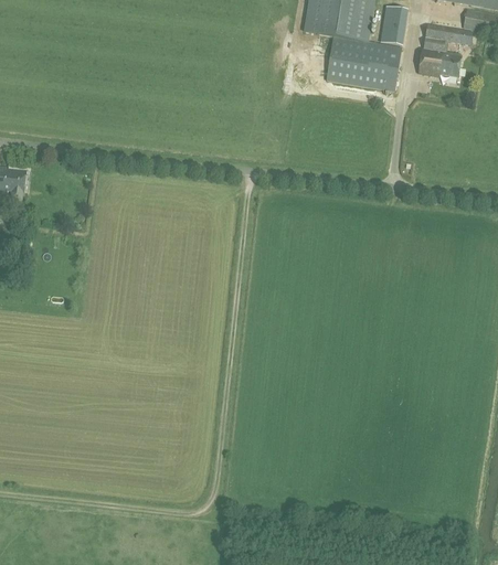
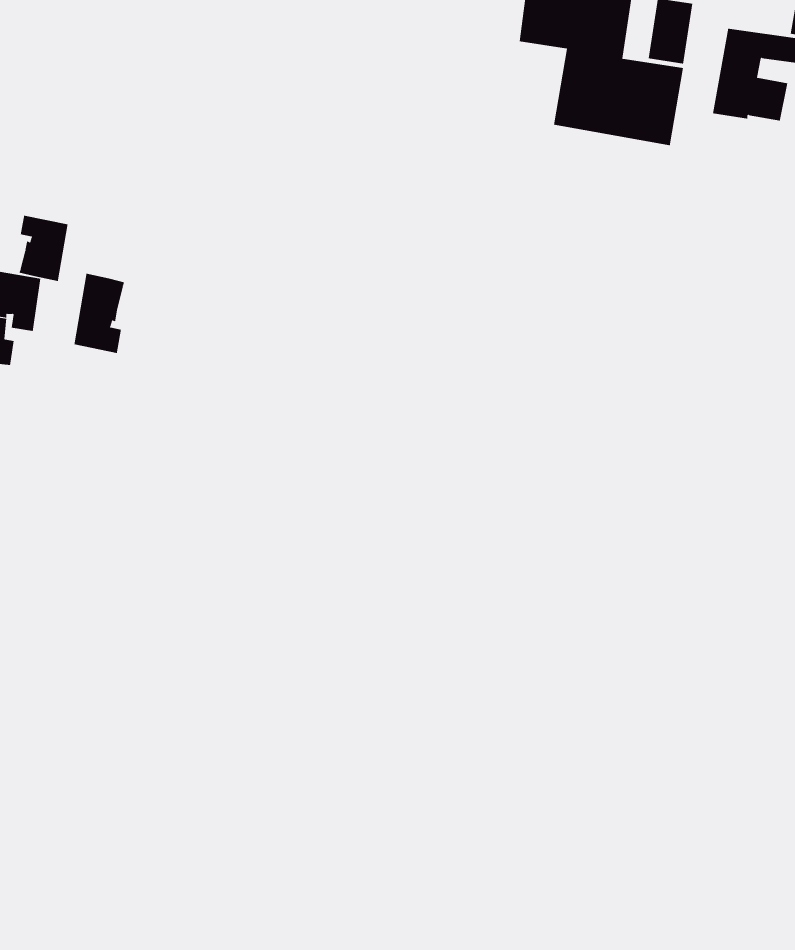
building: none -> [19,215,68,282]
building: none -> [74,273,125,354]

